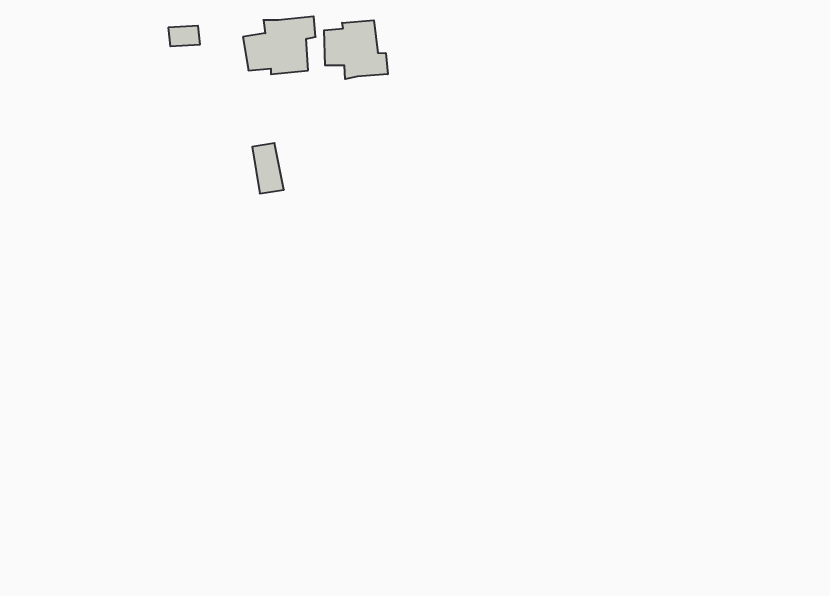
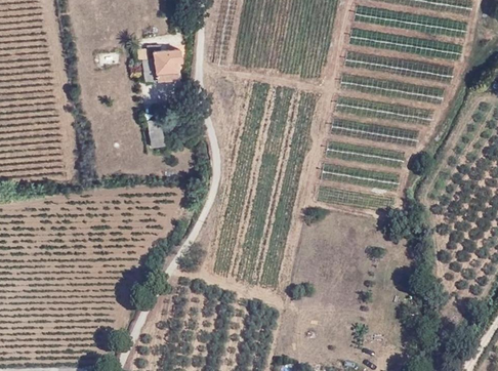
building: [324,20,388,79] -> none

